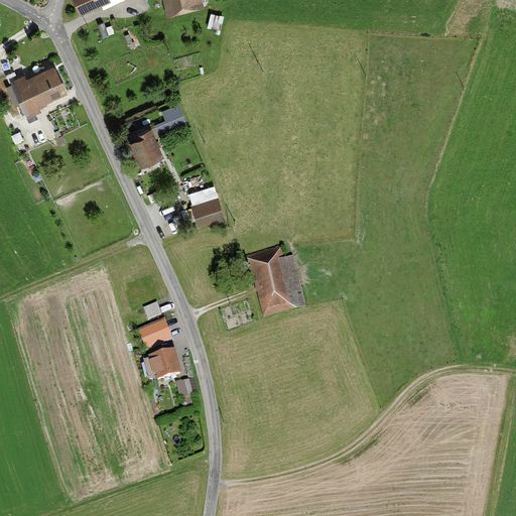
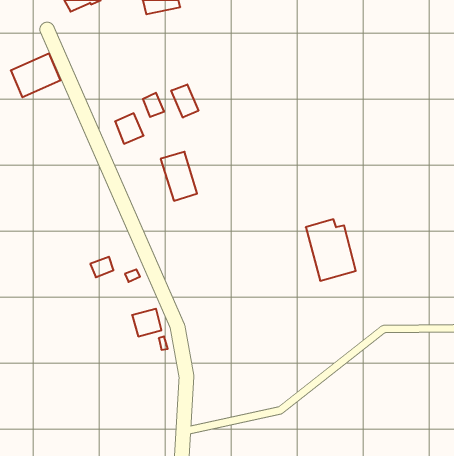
building: none -> [171,84,198,118]
building: [247,248,303,317] -> [306,219,356,281]
building: [140,324,166,347] -> [90,257,114,277]

